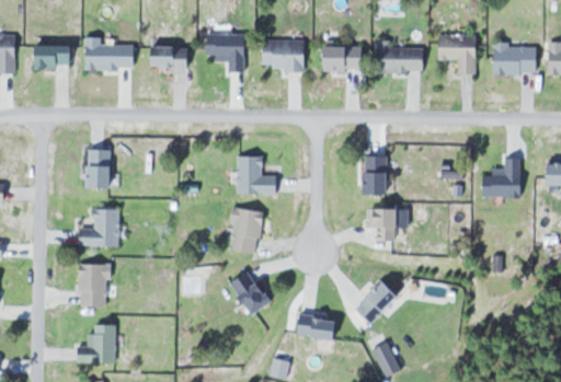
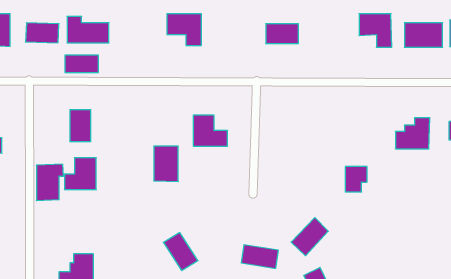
building: [261,39,305,70] -> none
building: [374,40,423,72] -> none
building: [149,46,190,67] -> [65,55,98,72]
building: [363,157,387,195] -> none
building: [230,210,260,253] -> [154,146,178,182]
building: [373,210,399,241] -> [345,167,367,192]
building: [78,264,111,308] -> [36,164,64,201]
building: [230,270,272,316] -> [163,233,198,271]

